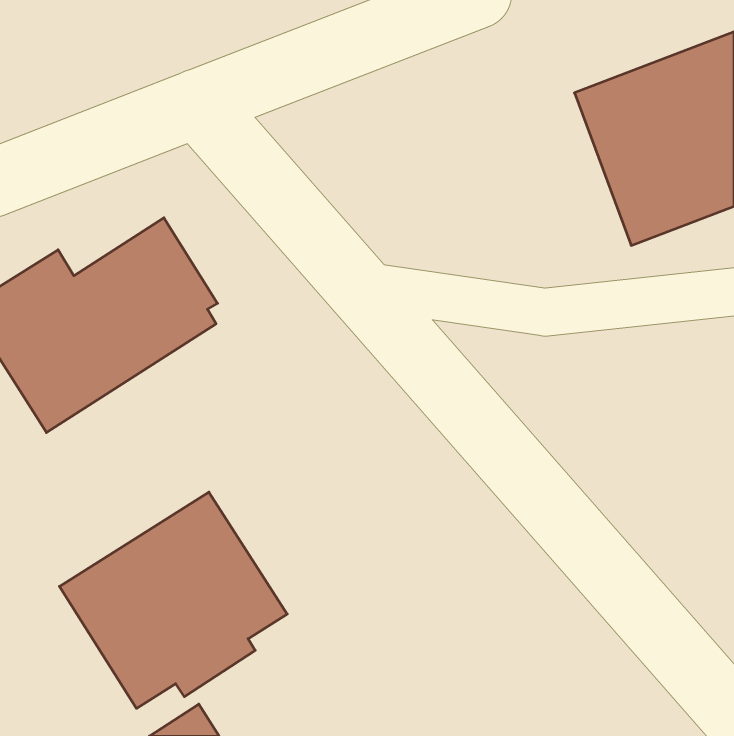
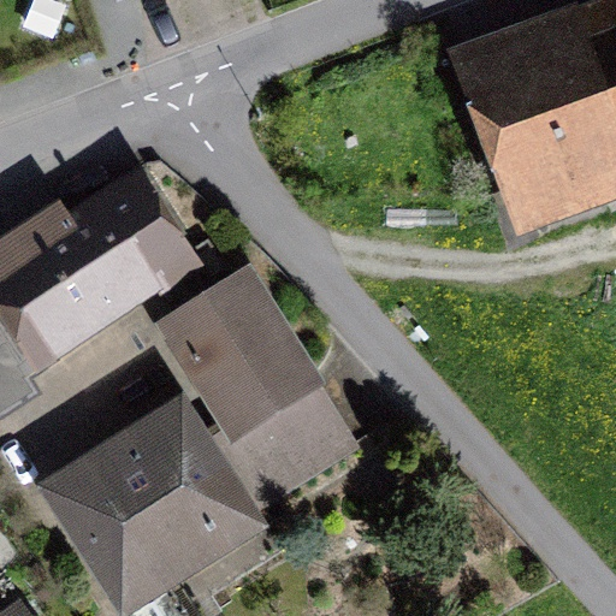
building: none -> [168,272,345,499]

